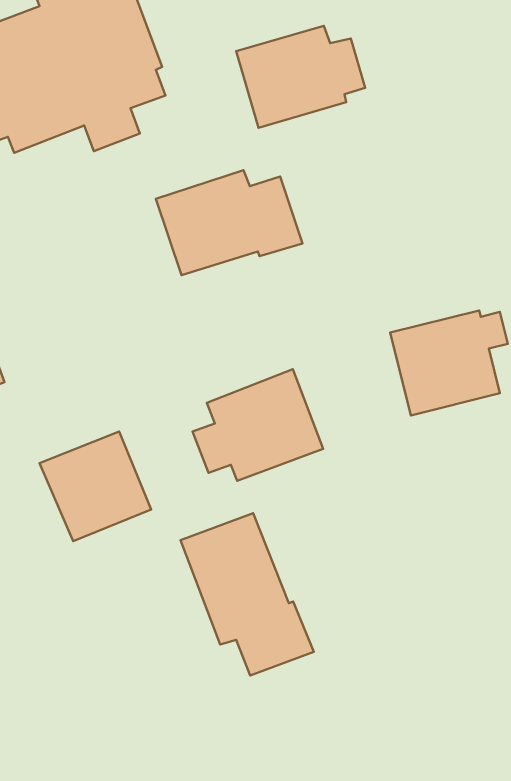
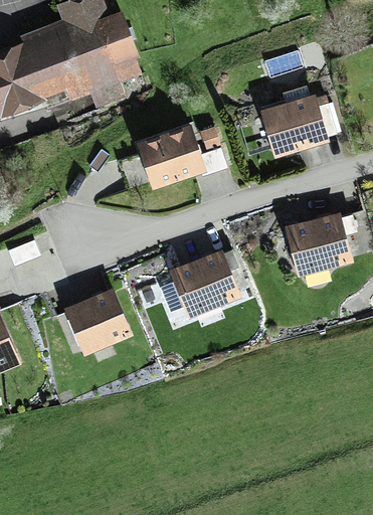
building: [236,26,365,128] -> [259,94,341,158]
building: [181,513,314,676] -> none

